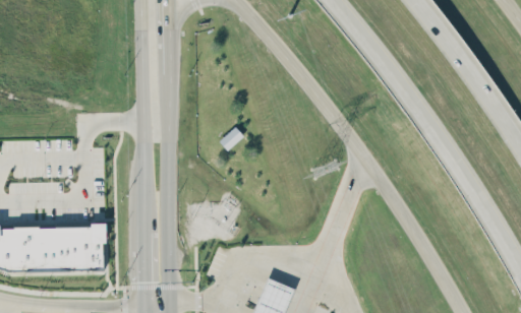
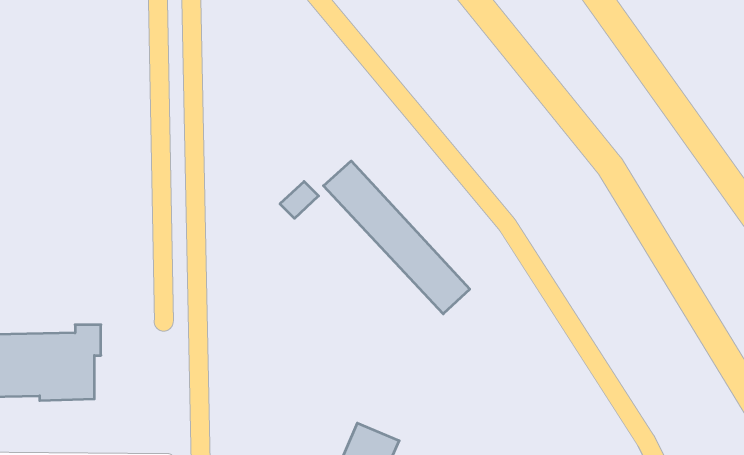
building: none -> [323,161,470,314]

